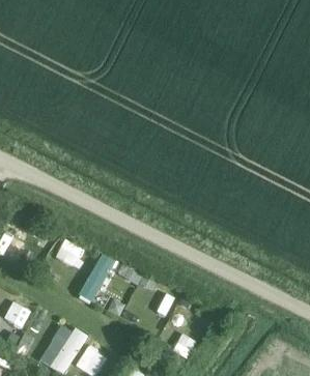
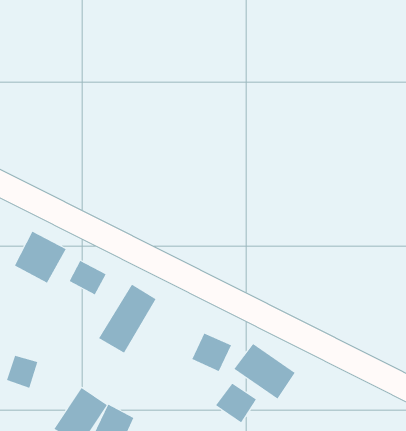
building: none -> [14,231,67,284]
building: none -> [233,343,295,399]

